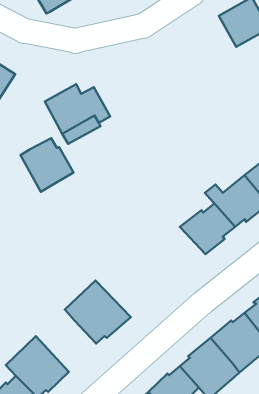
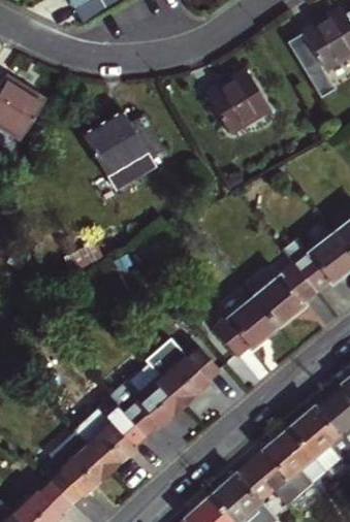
building: none -> [202,68,266,132]
building: [20,138,73,192] -> none
building: none -> [213,291,282,356]
building: none -> [145,336,222,403]
building: none -> [81,407,146,471]

